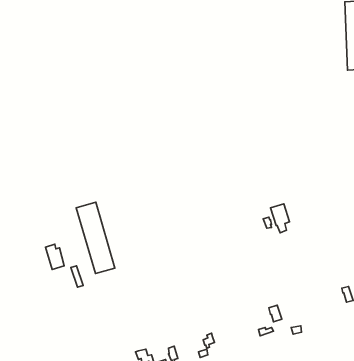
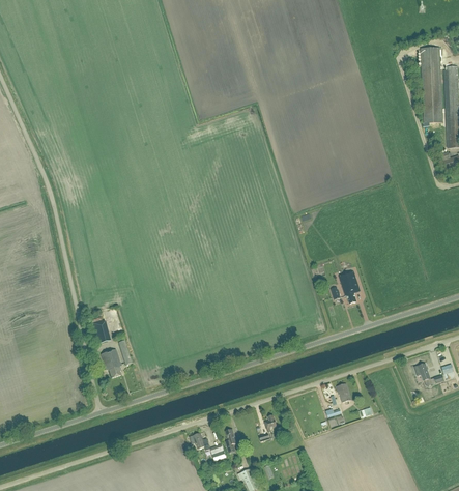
building: [76,202,115,274] -> none
building: none -> [99,348,120,377]

